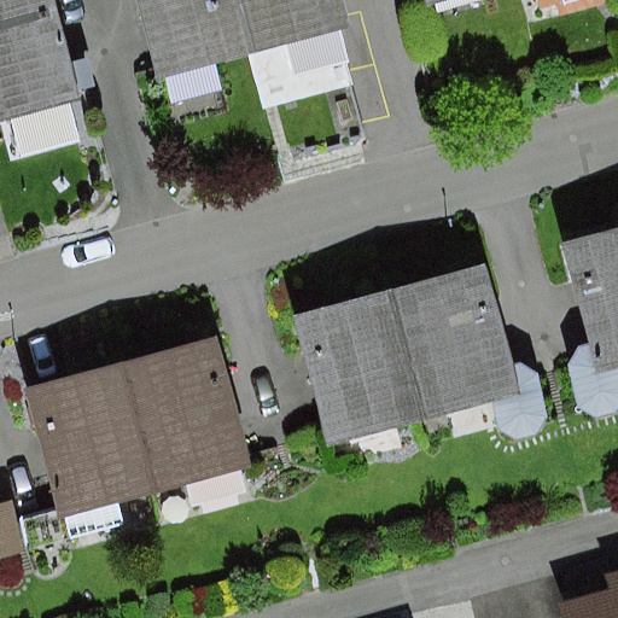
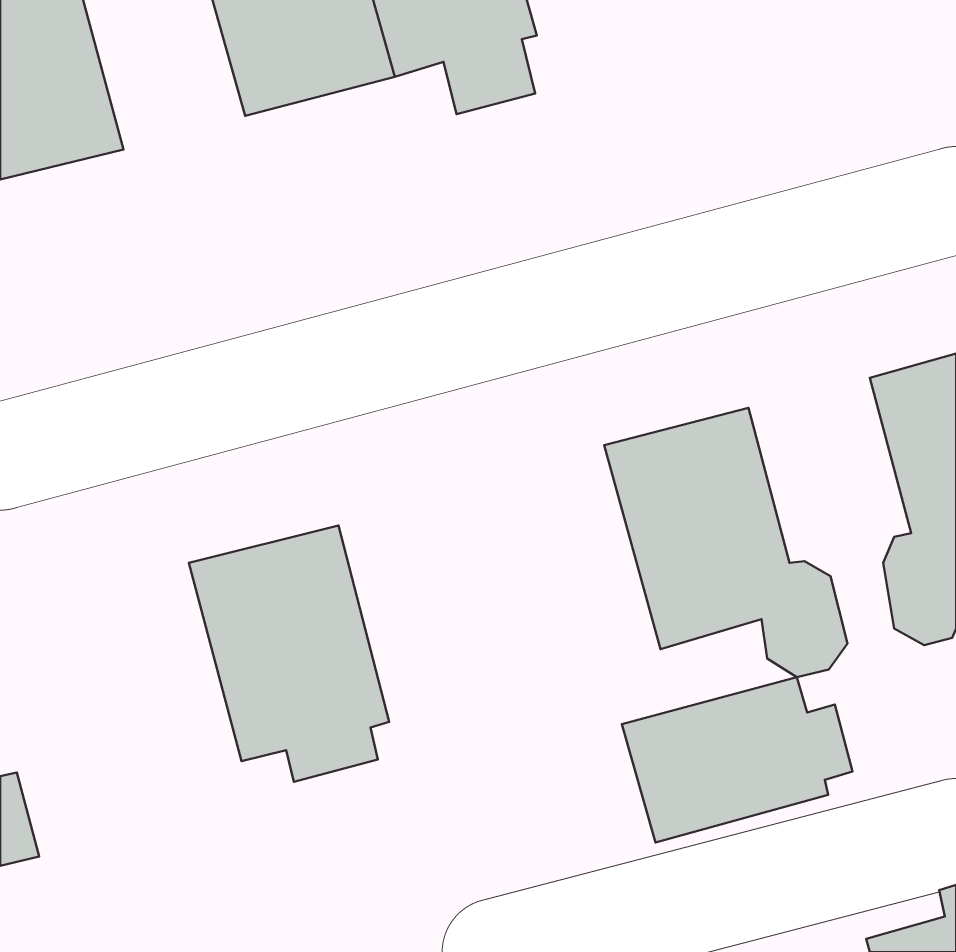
building: [292,287,426,445] -> none
building: [25,363,156,535] -> none
building: none -> [622,677,853,843]

